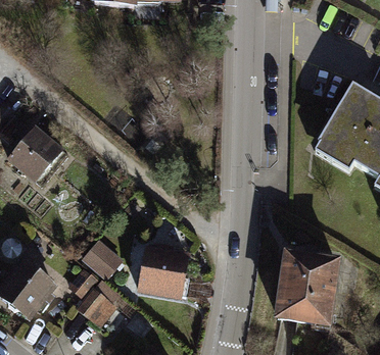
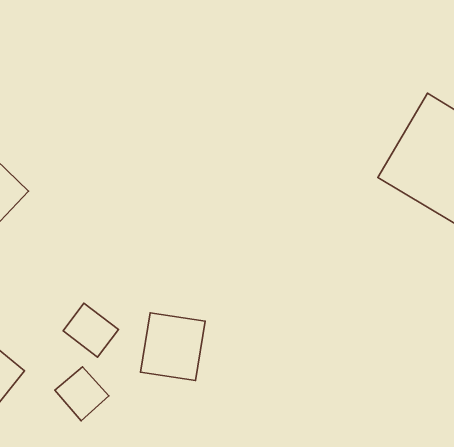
building: [272,245,339,323] -> none

